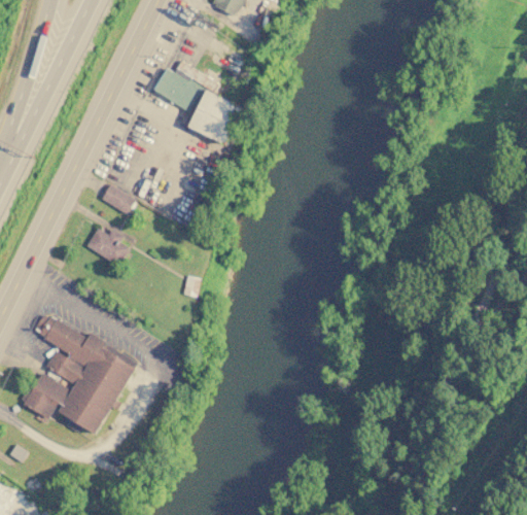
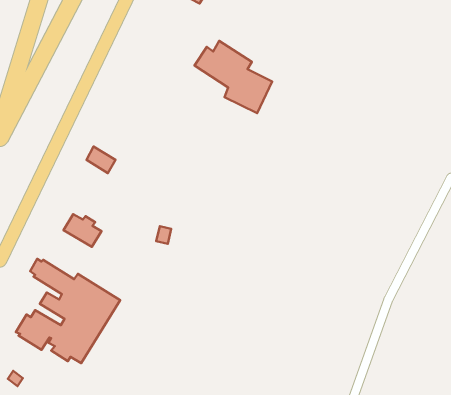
building: [152,61,243,145] -> [195,41,272,113]
building: [85,229,130,267] -> [63,214,101,247]

